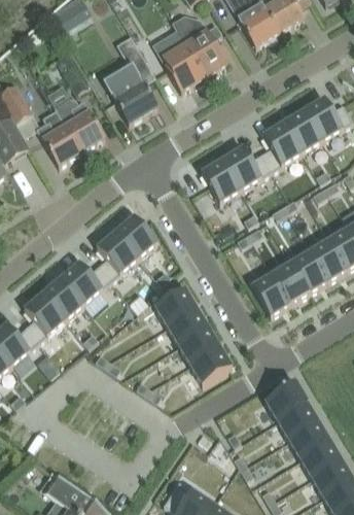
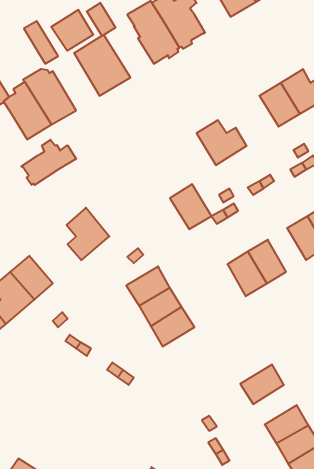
building: none -> [51,10,93,51]
building: [260,122,302,170] -> none
building: [201,158,241,201] -> [170,184,211,229]
building: none -> [22,140,76,185]
building: [115,214,156,258] -> none
building: [291,249,328,291] -> none
building: [61,261,111,303] -> none
building: [189,345,232,383] -> none
building: [277,401,319,439] -> none

